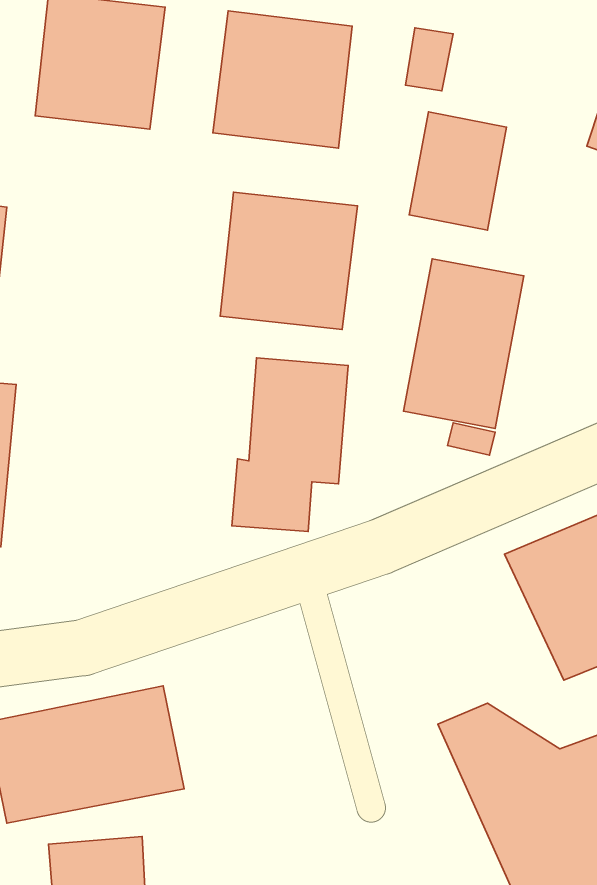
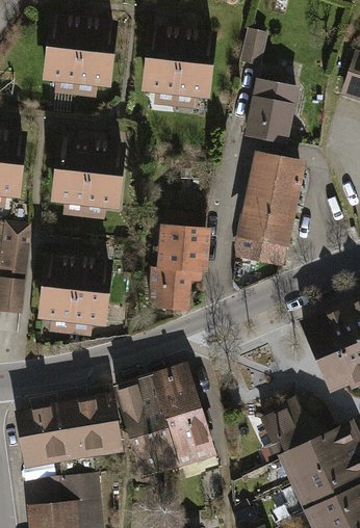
building: [220,192,358,330] -> [49,136,124,211]
building: none -> [35,249,111,325]
building: none -> [112,362,216,476]

